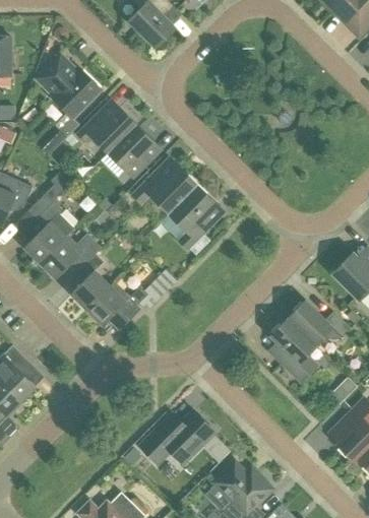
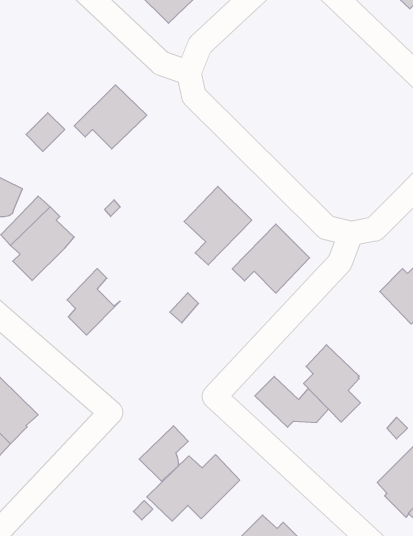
building: [37,54,101,119] -> none
building: [107,125,162,180] -> none
building: [131,156,196,214] -> [232,224,310,293]
building: [40,237,101,280] -> none
building: [85,281,155,330] -> none
building: [288,302,350,344] -> [255,376,329,427]
building: none -> [139,426,188,481]

